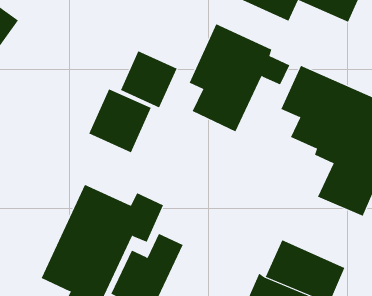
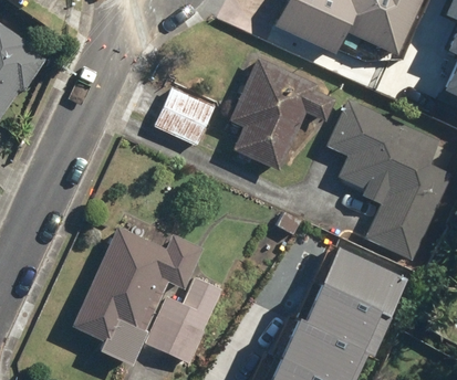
building: [89,89,151,153] -> none
building: none -> [325,243,412,315]

